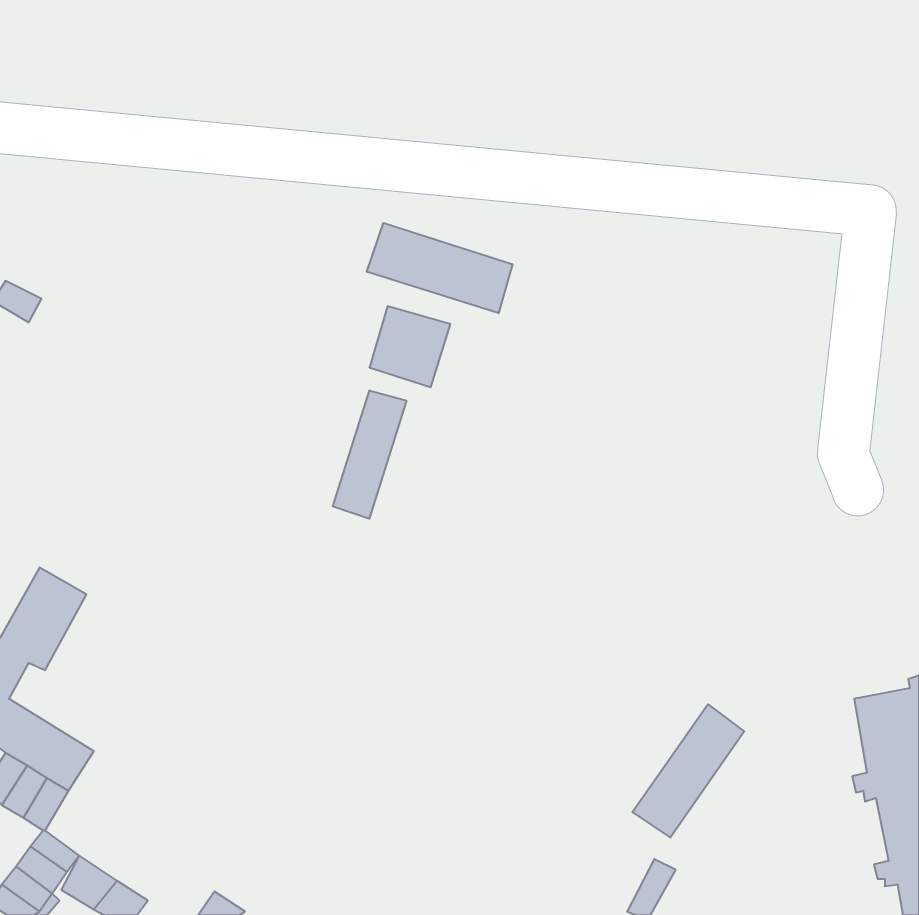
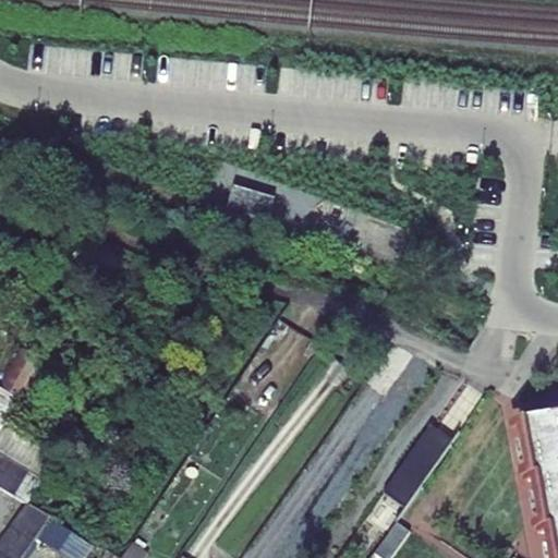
building: [367,223,512,313] -> none
building: [333,390,406,519] -> none

